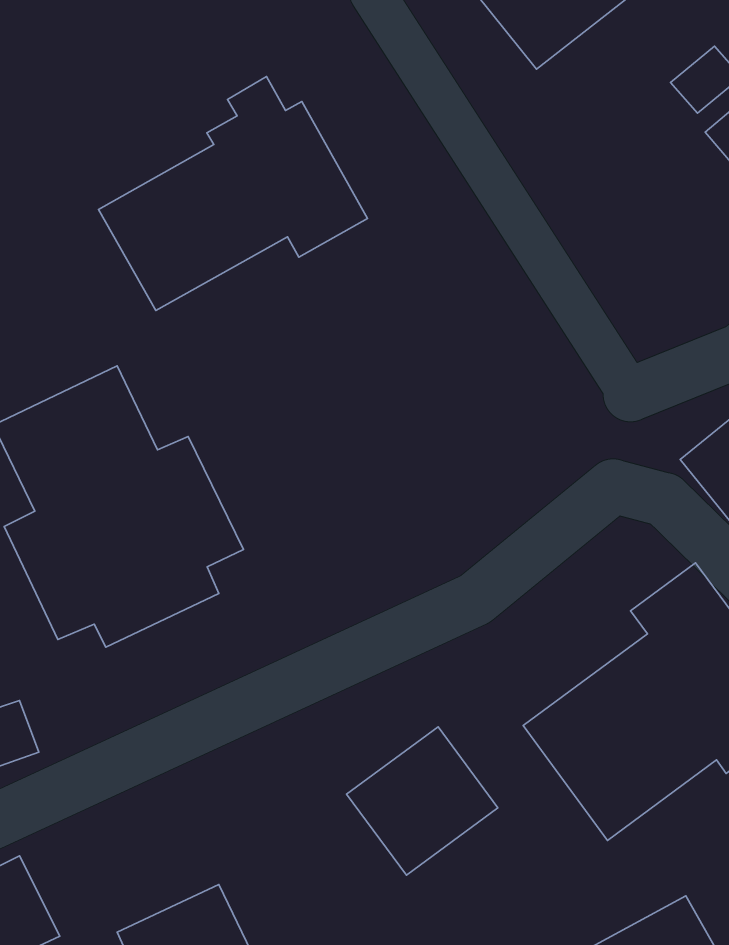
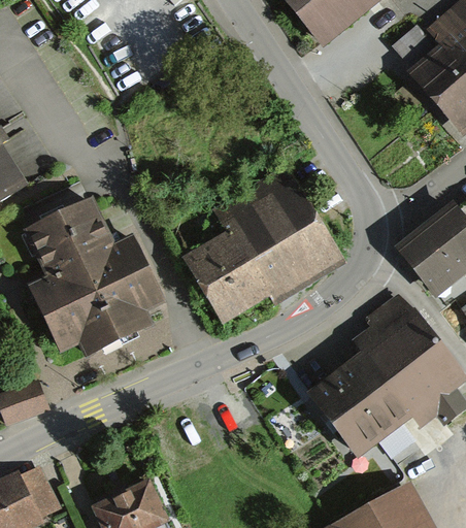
building: [99,76,367,311] -> none
building: none -> [187,160,344,326]
building: [346,727,498,875] -> none

